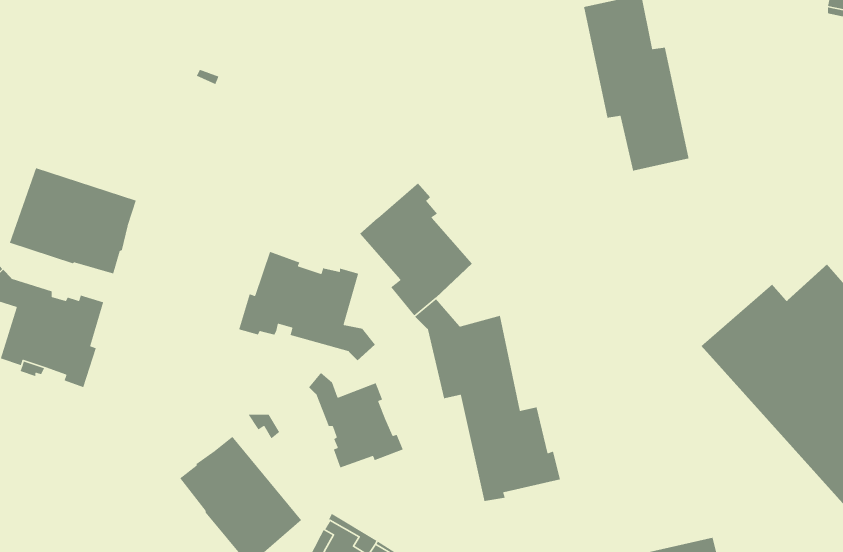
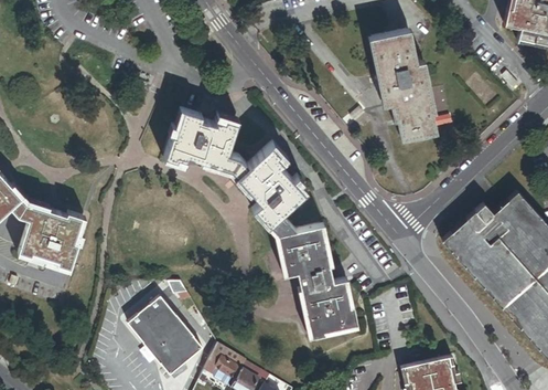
building: [9,167,137,275] -> none
building: [238,251,376,361] -> [164,108,247,175]
building: [308,372,404,468] -> none

